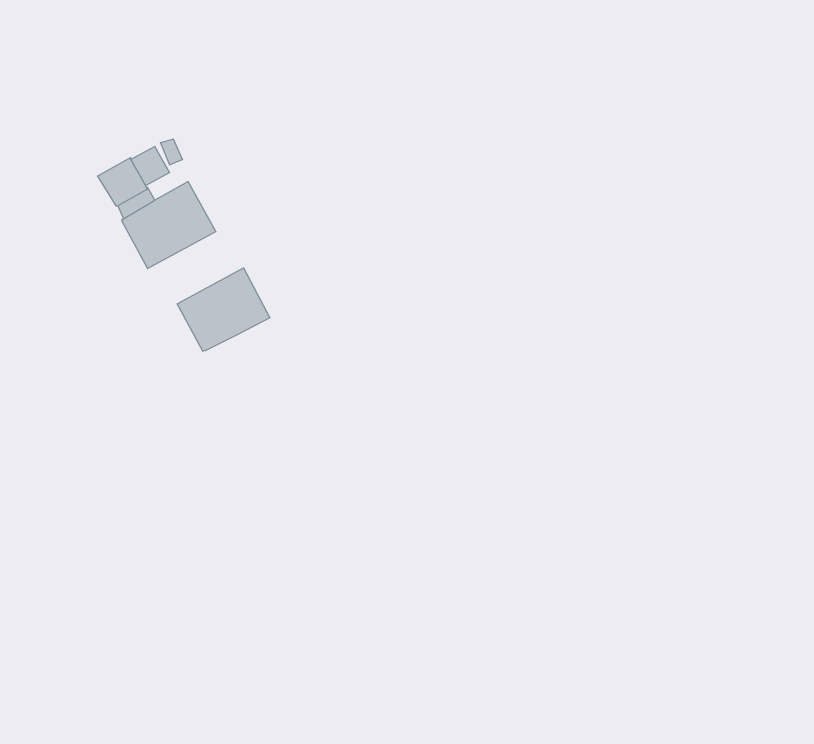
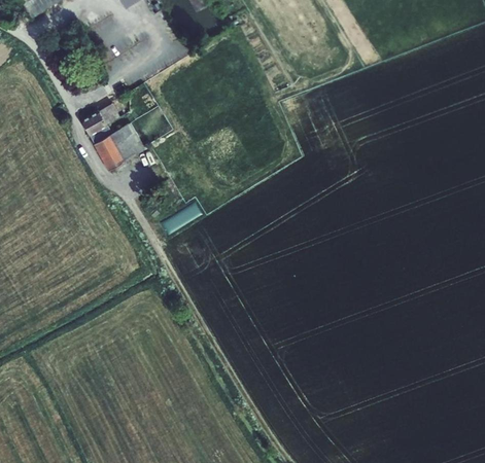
building: [177,268,270,351] -> none

